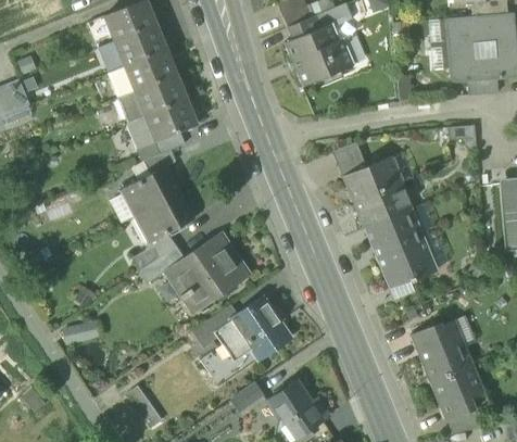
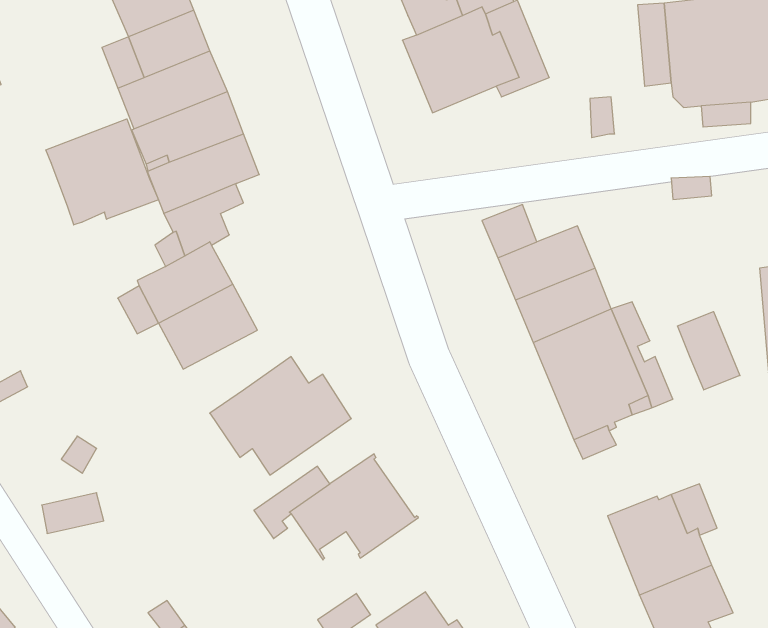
building: none -> [46,119,158,225]
building: none -> [677,312,740,390]
building: [133,233,186,285] -> none

